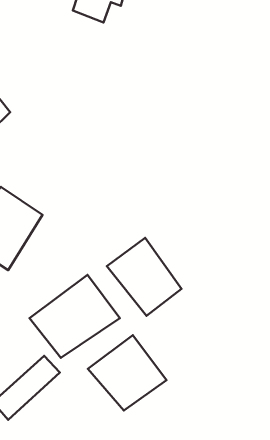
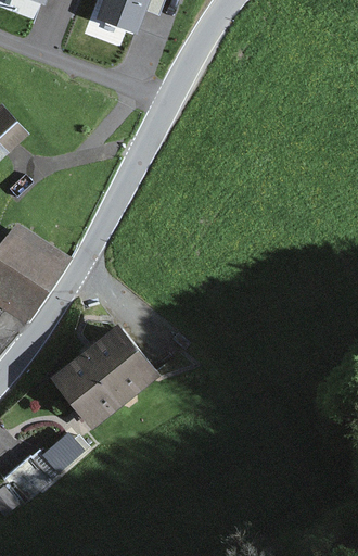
building: [107,238,182,316] -> none
building: [88,335,166,411] -> none

